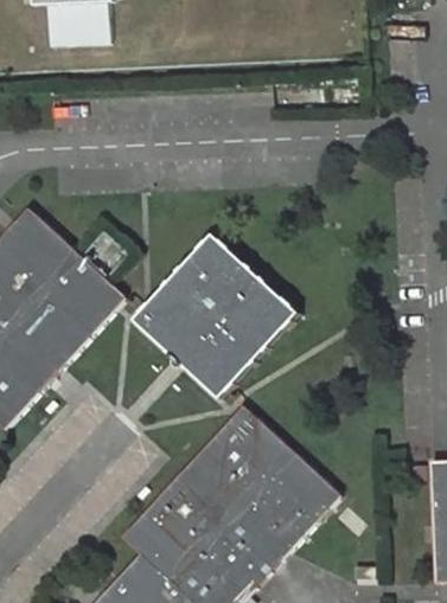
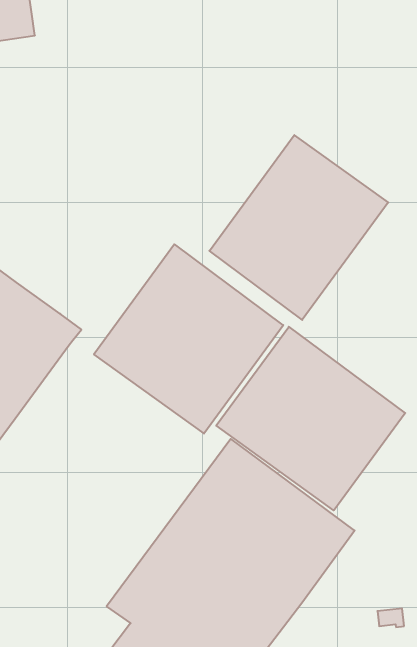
building: none -> [209,135,388,320]
building: none -> [216,327,405,510]

